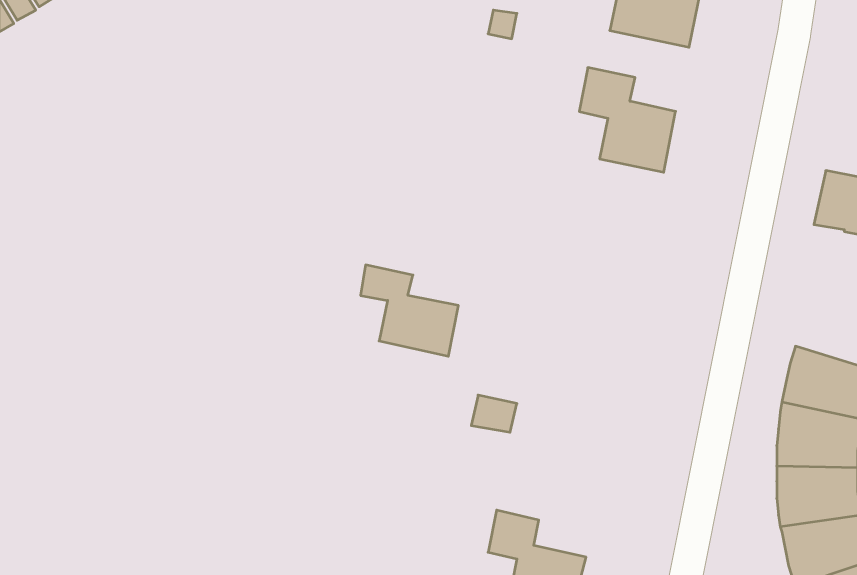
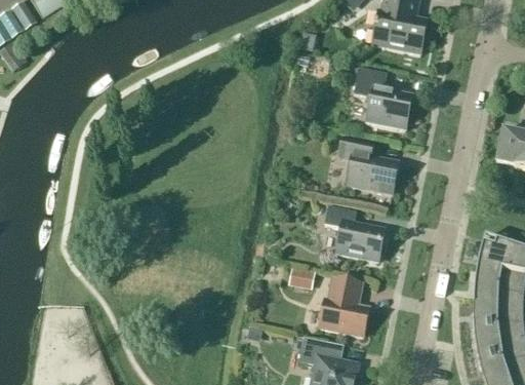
building: none -> [339,139,399,193]
building: [361,265,458,356] -> [325,205,385,261]
building: none -> [319,277,369,336]

